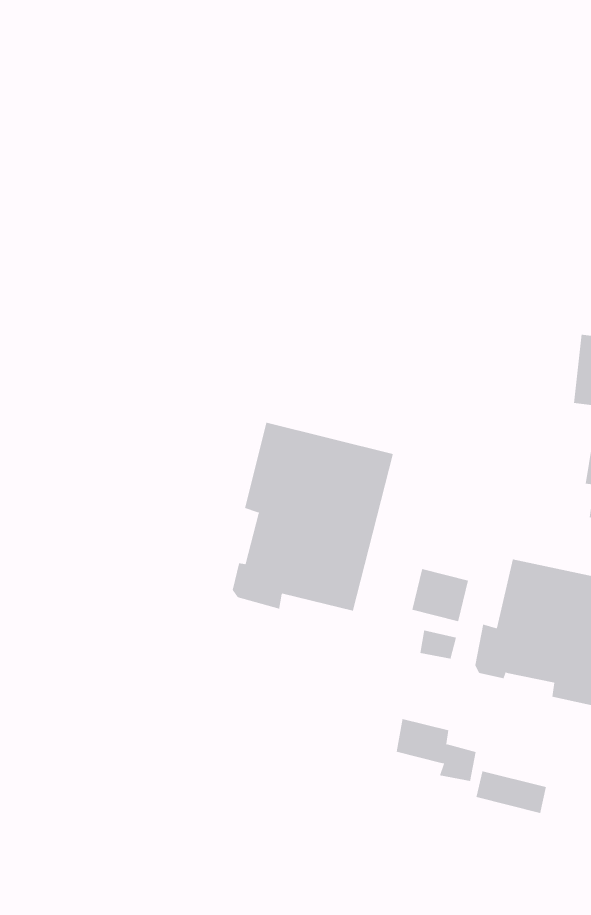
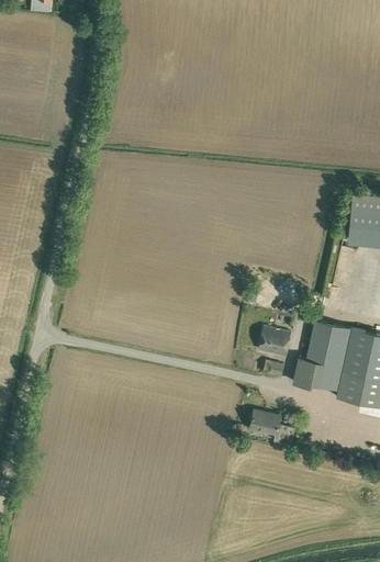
building: [232,422,394,611] -> none
building: [476,770,547,814] -> none

